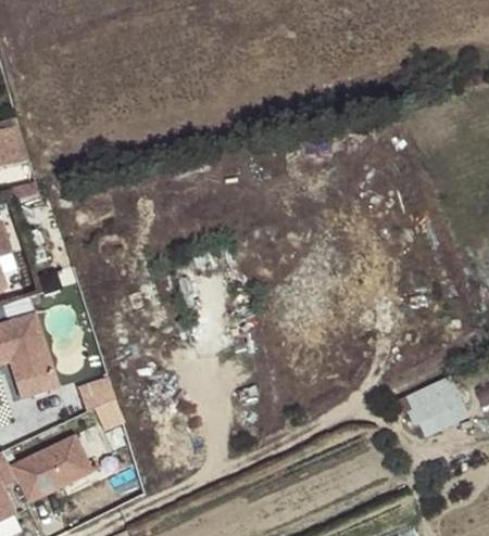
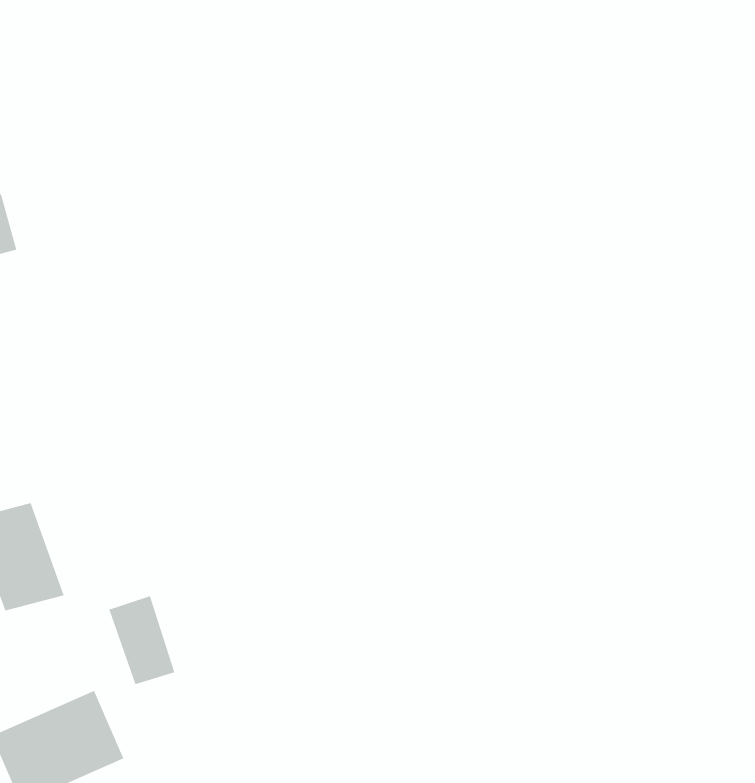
building: [390,379,467,438] -> none

